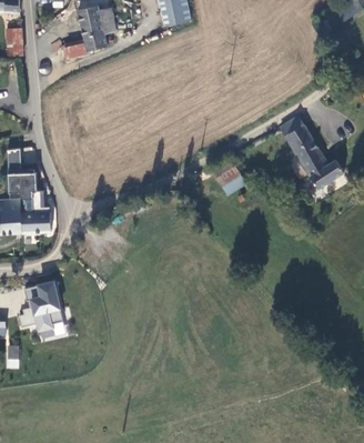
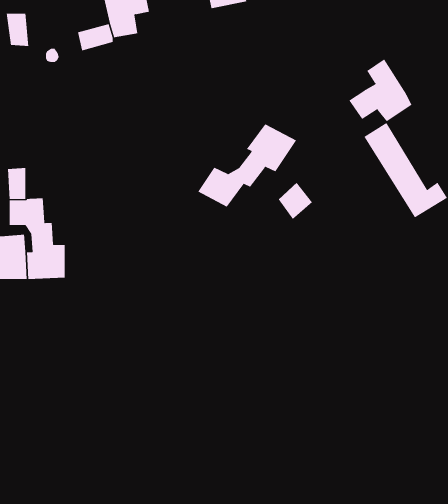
building: none -> [349,58,412,122]
building: none -> [197,123,297,208]
building: [18,283,62,332] -> none

